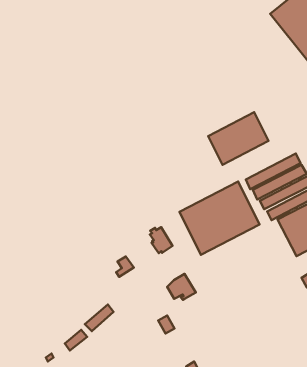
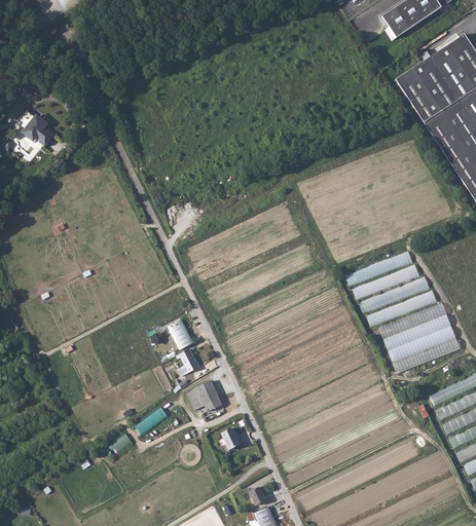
building: [208,112,269,165] -> none
building: [179,182,260,255] -> none
building: [150,227,172,253] -> [168,318,193,349]
building: [167,274,196,300] -> [188,380,222,411]

